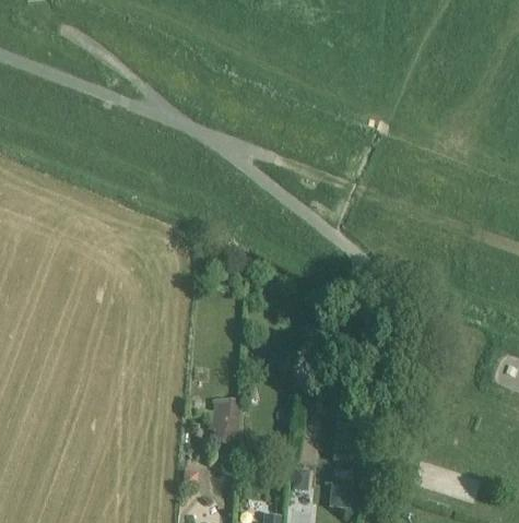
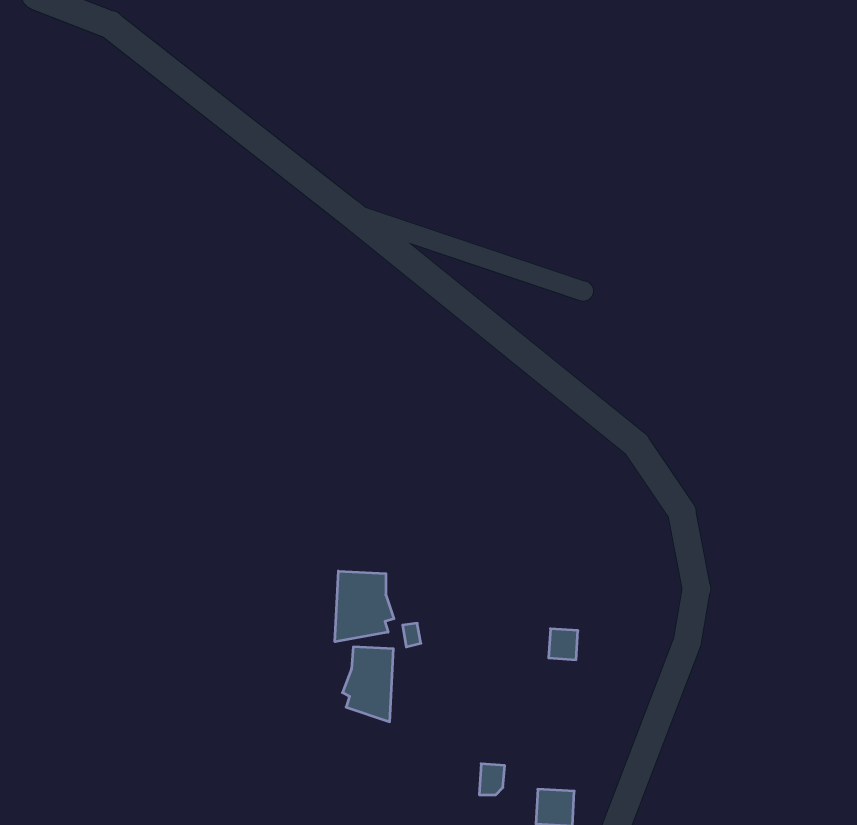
building: none -> [335,571,394,642]

